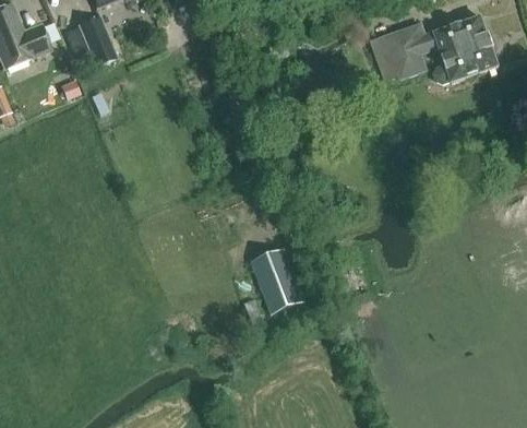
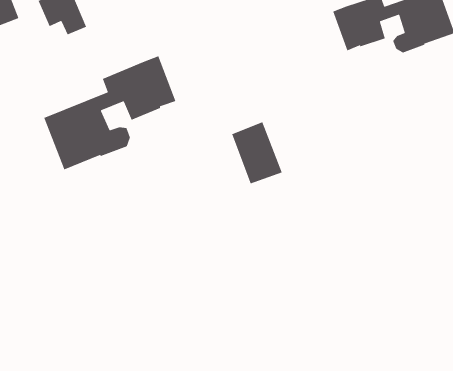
building: none -> [43,55,177,171]
building: [252,246,306,311] -> [231,121,283,185]

